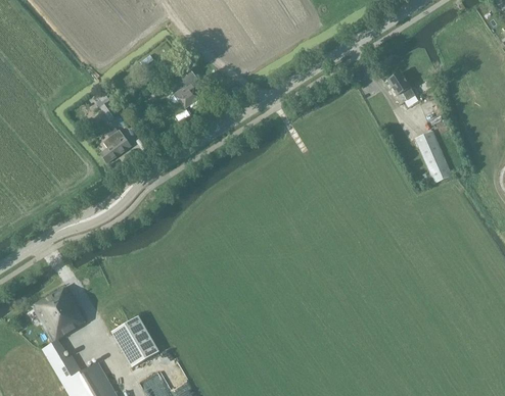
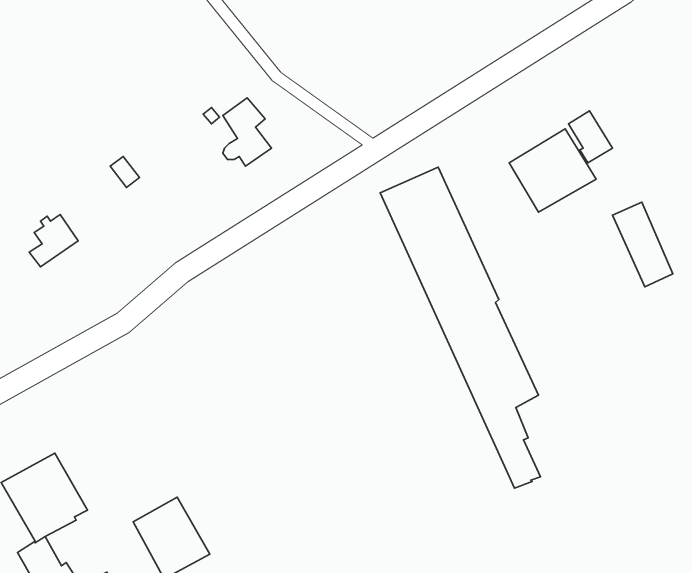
building: none -> [509,129,596,212]
building: none -> [380,167,541,488]
building: [100,130,131,162] -> [29,215,78,267]

